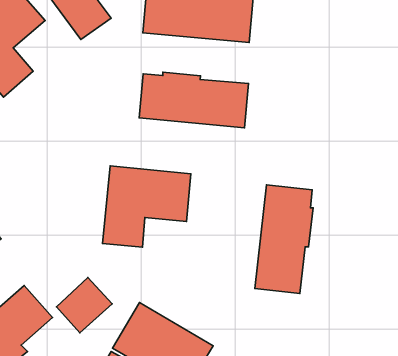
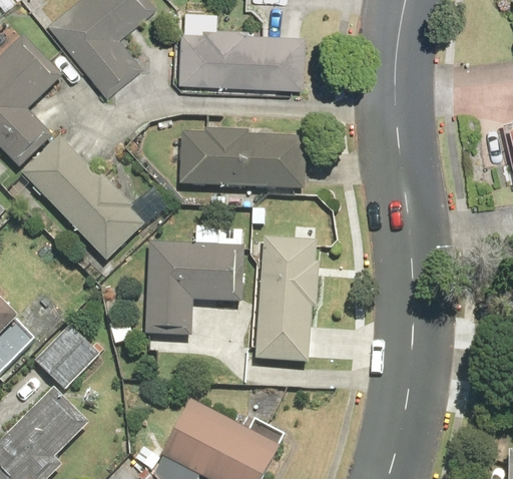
building: none -> [19,135,167,261]
building: [255,185,313,293] -> [254,236,318,362]
building: [56,278,112,333] -> [33,324,98,389]

